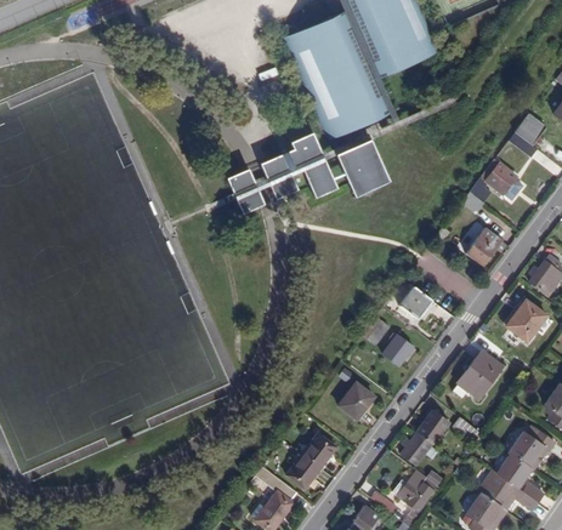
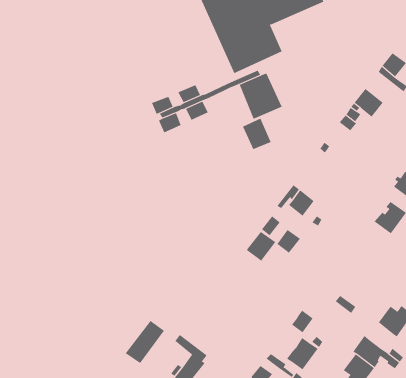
building: [288,132,322,166] -> none
building: [302,159,339,199] -> [242,118,271,150]
building: [467,228,503,266] -> none
building: [458,351,503,399] -> none
building: [337,382,375,420] -> [246,231,276,261]
building: [415,410,449,445] -> none
building: [286,433,336,488] -> [125,320,165,364]
building: [499,452,532,484] -> none

